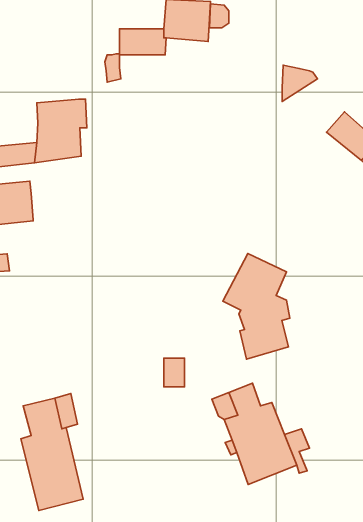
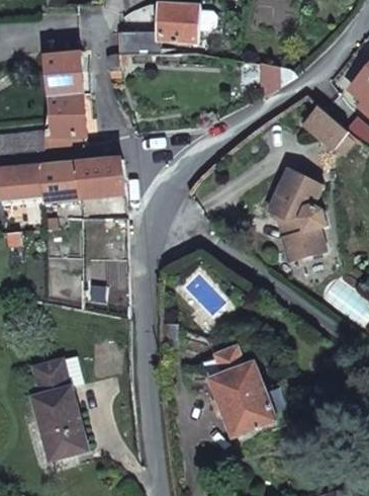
building: none -> [42,50,88,96]
building: none -> [39,158,124,201]
building: [223,254,290,359] -> [266,167,326,261]

